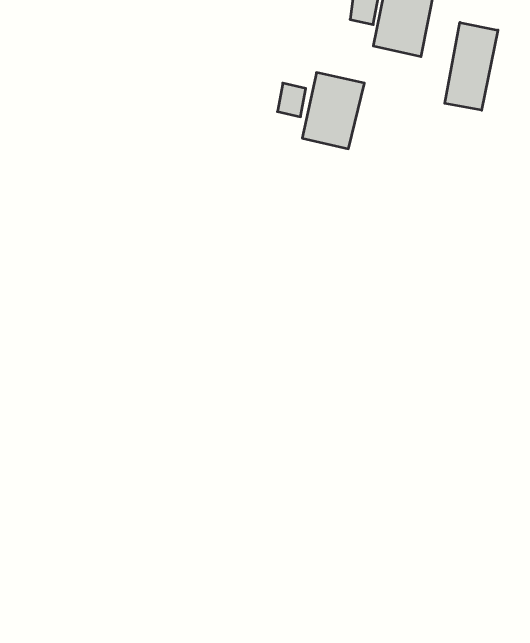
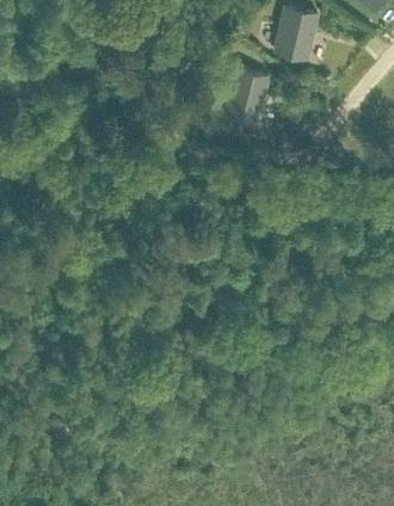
building: [445,22,498,110] -> none

